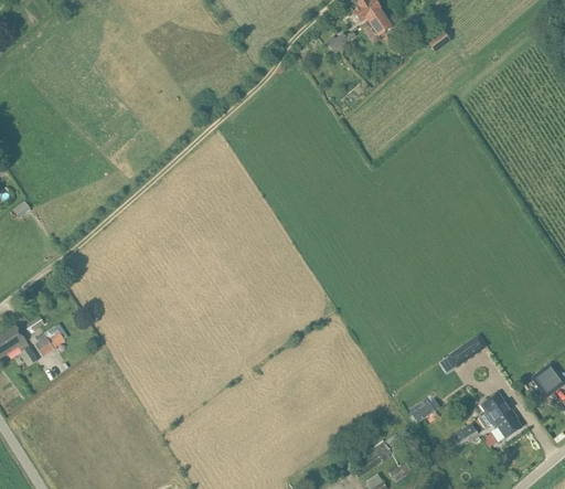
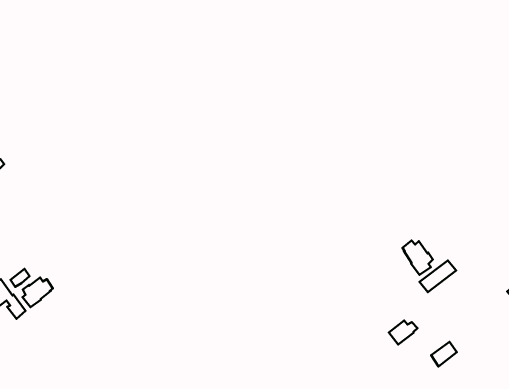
building: none -> [403,241,433,275]
building: [478,393,521,438] -> none

